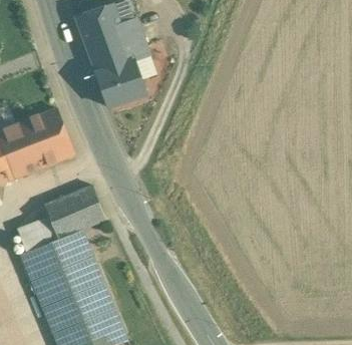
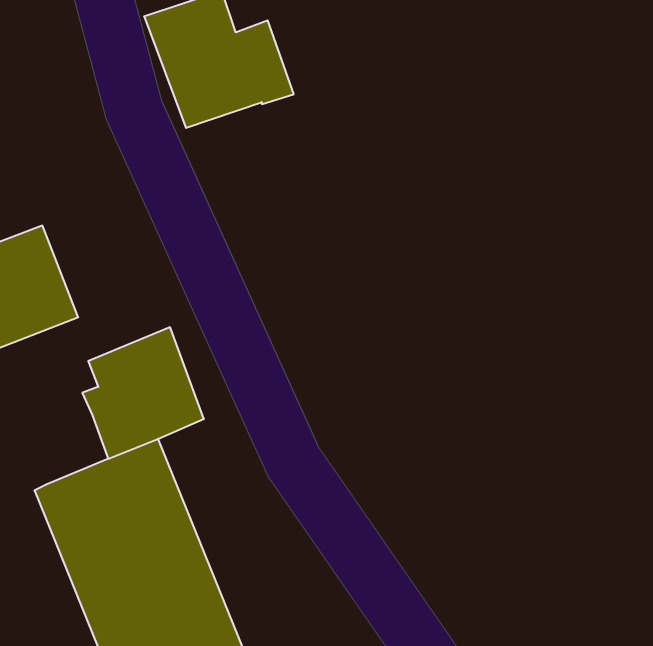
building: [95,59,146,106] -> none
building: [24,108,75,167] -> none
building: [17,217,57,252] -> none

